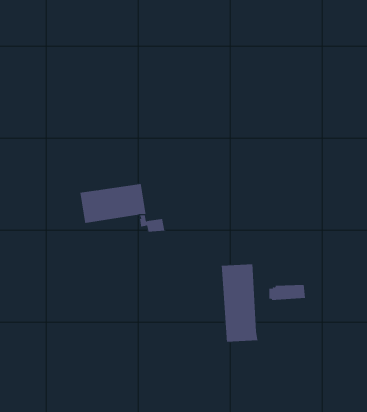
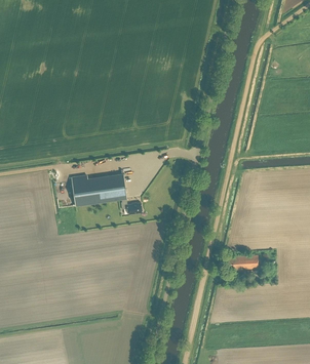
building: [221,264,258,342] -> none

